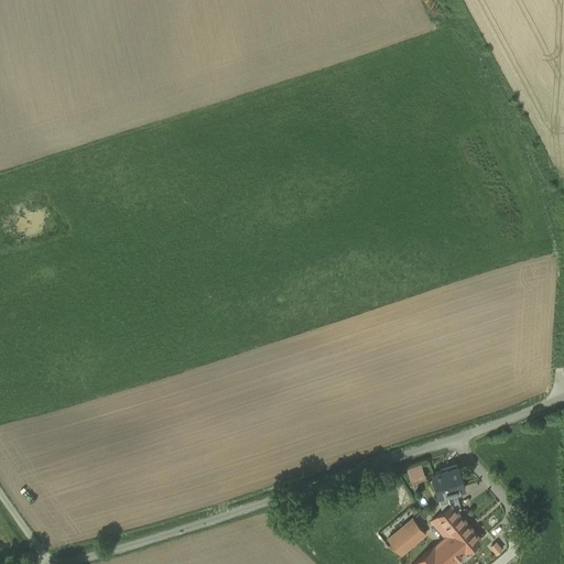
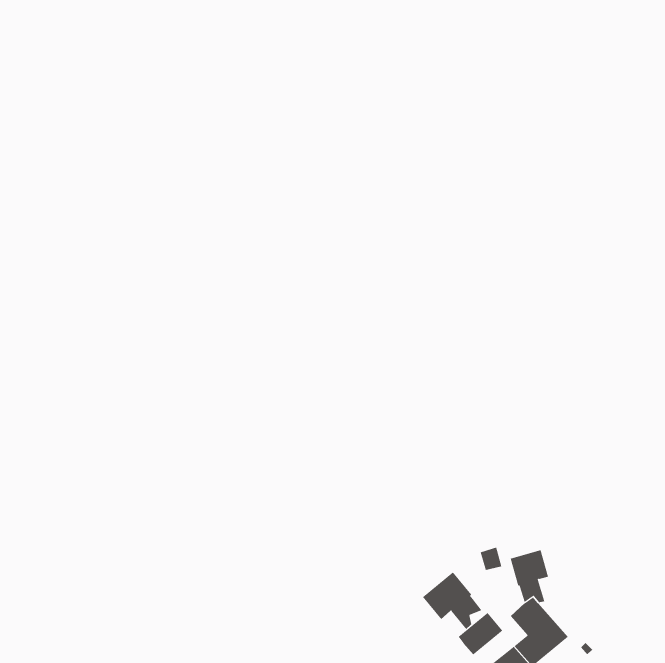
building: none -> [422,572,482,630]

